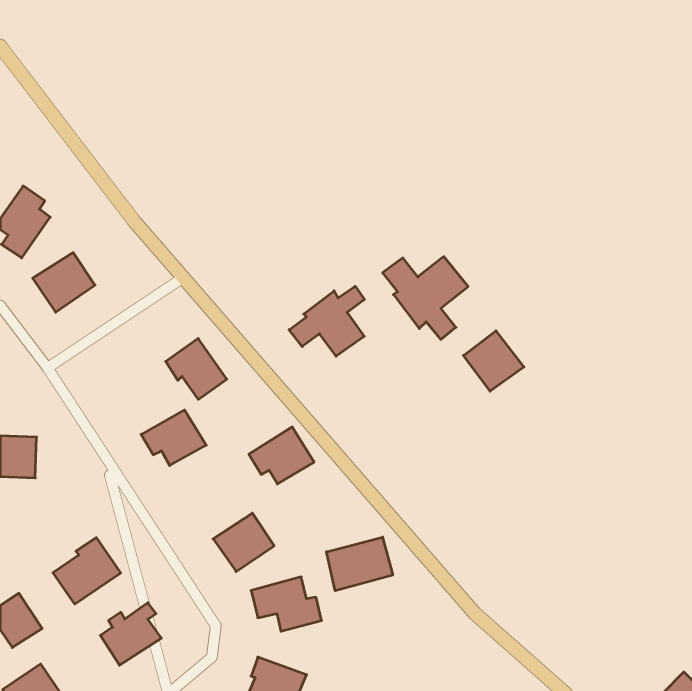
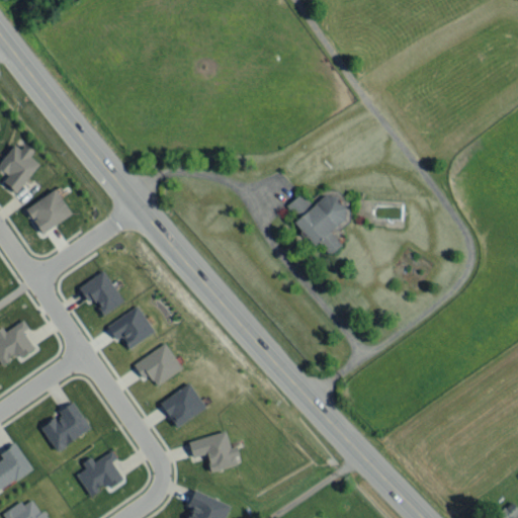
building: [289,286,364,356] -> none
building: [463,331,524,391] -> none
building: [166,338,227,399] -> [79,271,124,317]
building: [249,427,314,484] -> [134,344,182,386]
building: [326,537,393,591] -> none

